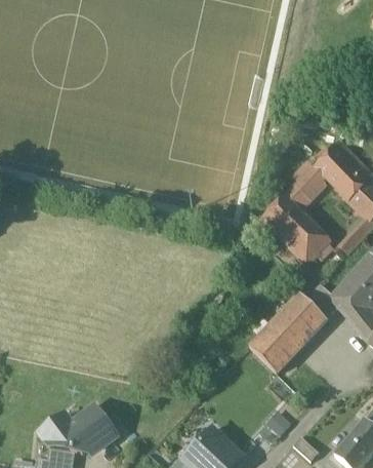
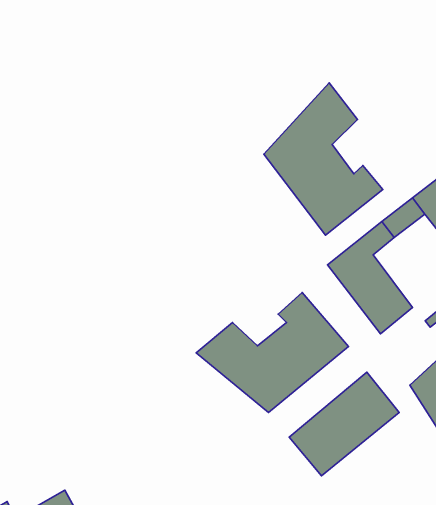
building: none -> [264,83,383,235]
building: none -> [196,293,348,413]

